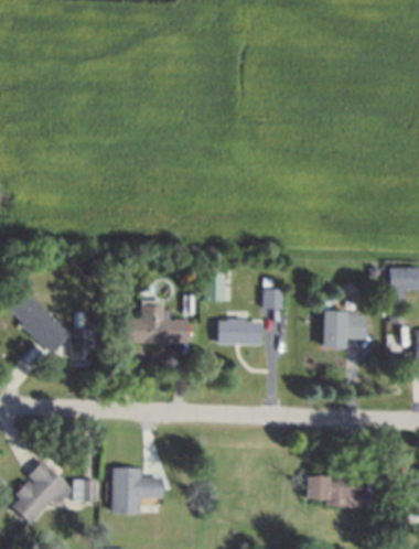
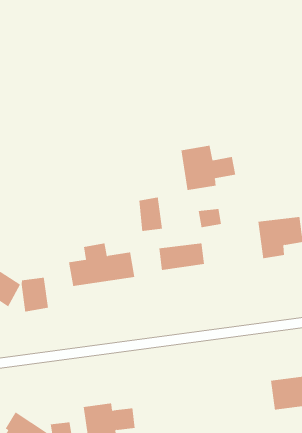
building: none -> [181,145,236,191]

